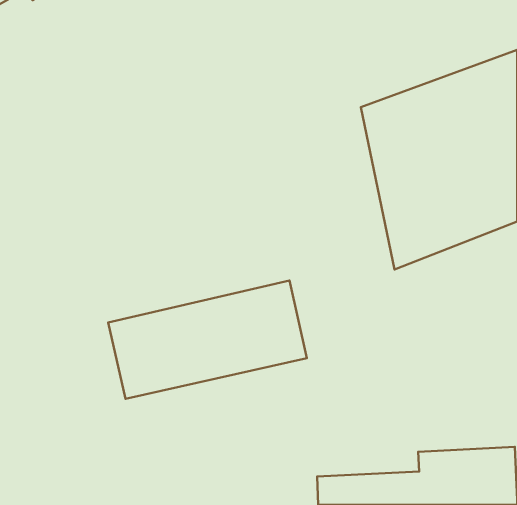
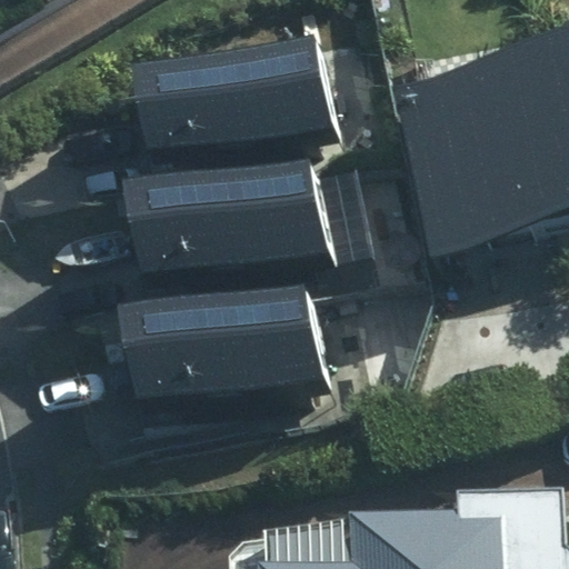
building: none -> [131,50,348,184]
building: none -> [128,180,339,311]

